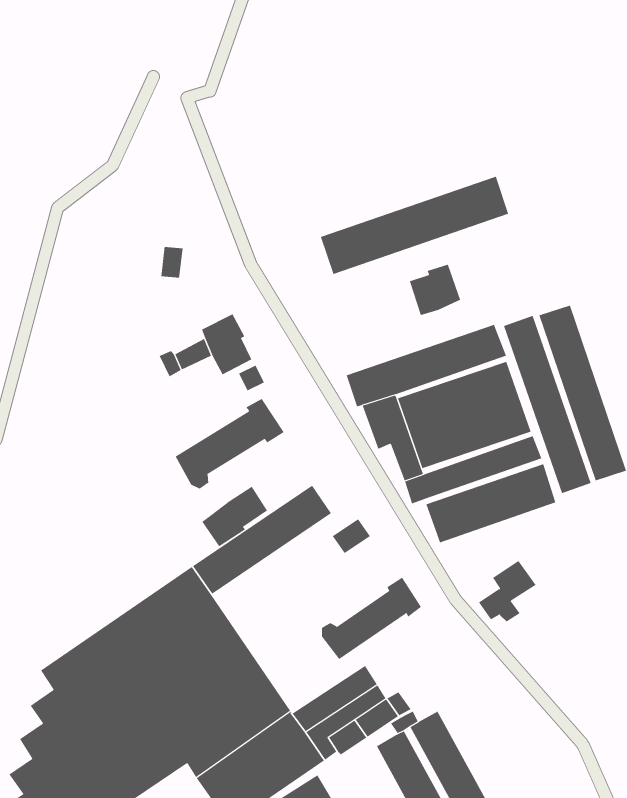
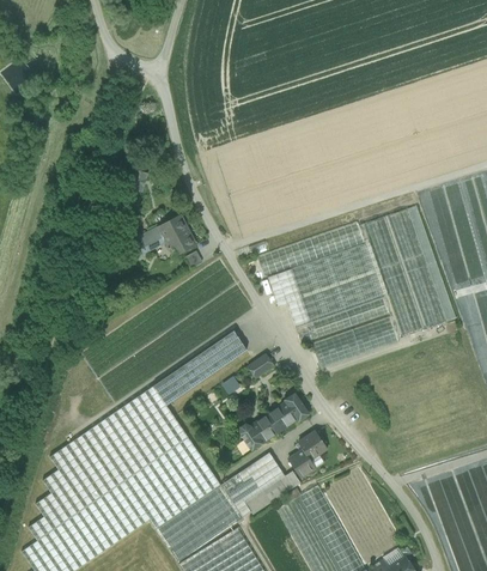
building: [320,176,509,275] -> none
building: [409,264,461,316] -> none
building: [175,398,285,490] -> none
building: [202,486,268,547] -> none
building: [478,560,536,622] -> [288,431,328,473]

